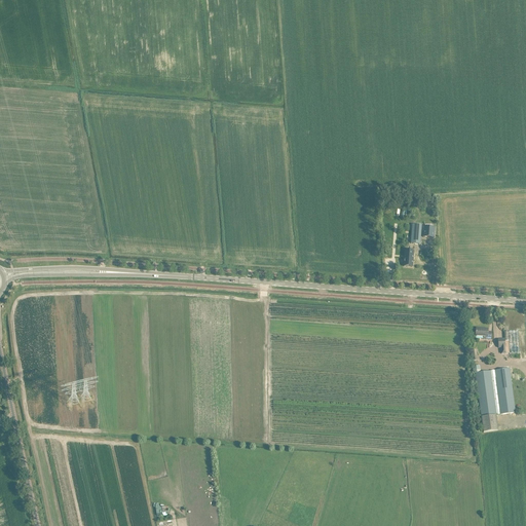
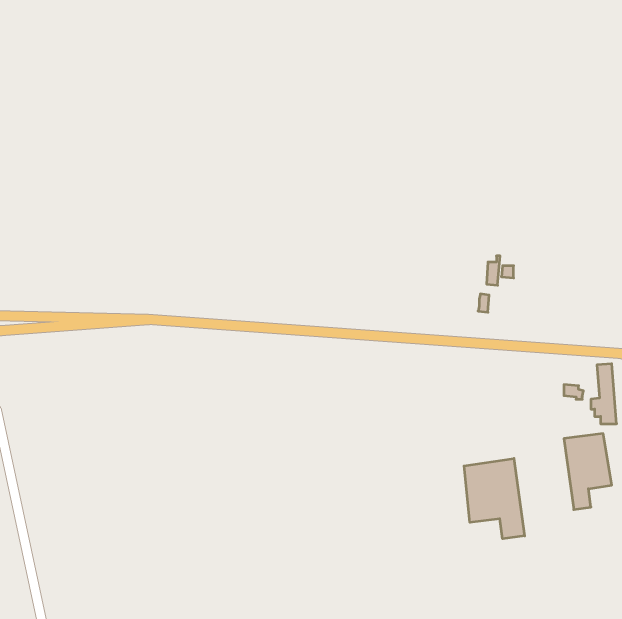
building: none -> [464,458,525,539]

